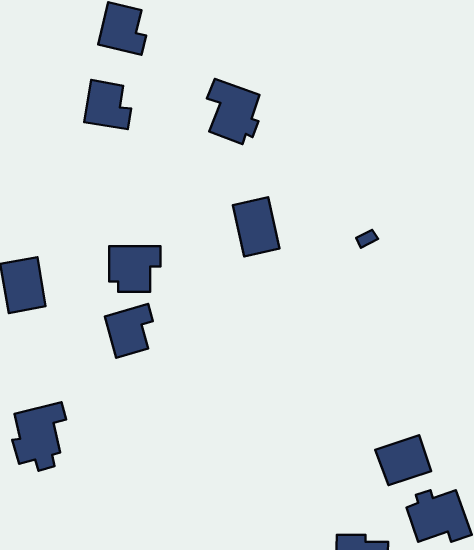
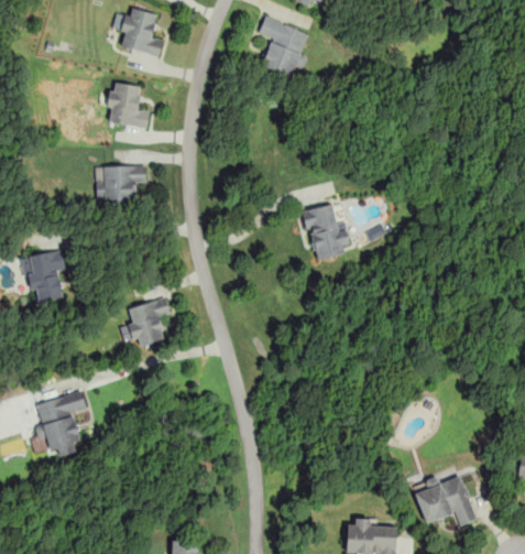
building: [207,79,260,144] -> [258,15,308,78]
building: [233,197,280,257] -> [304,204,349,261]
building: [109,246,161,292] -> [96,165,145,209]
building: [375,435,431,485] -> none

